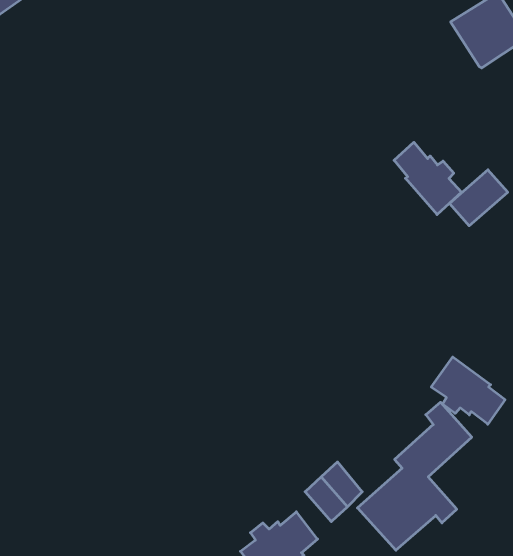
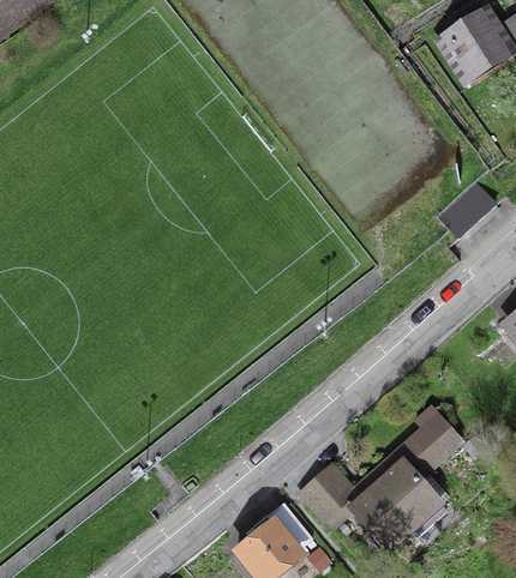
building: [394,142,462,215] -> none
building: [431,357,505,424] -> none

